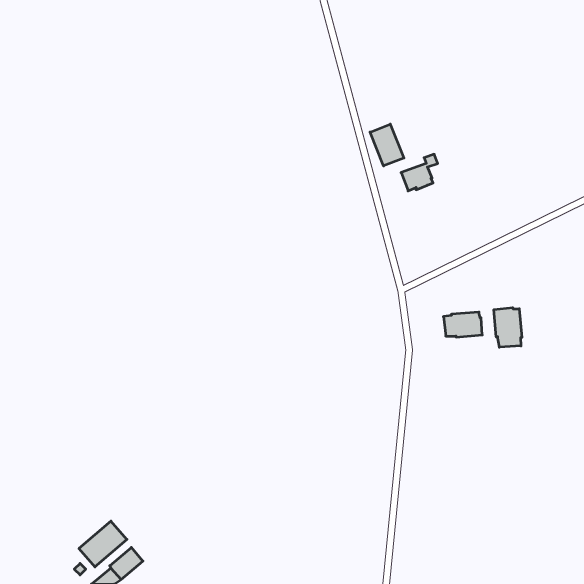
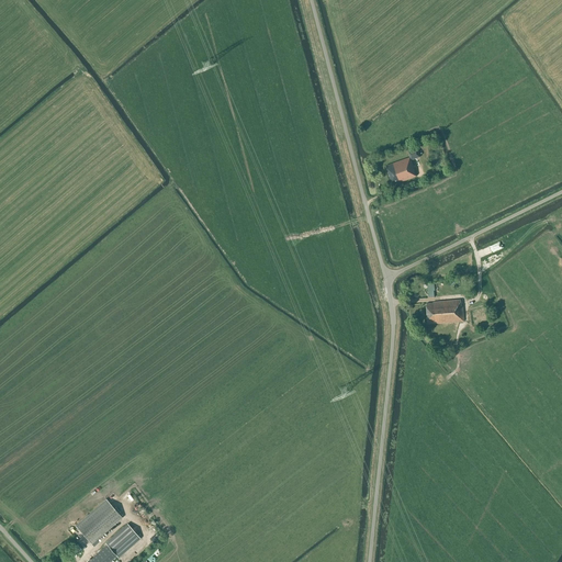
building: [370,124,404,166] -> none
building: [494,308,522,347] -> none

